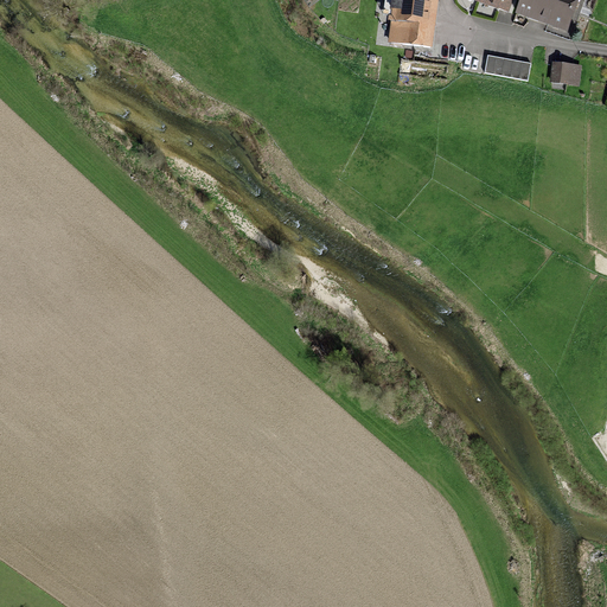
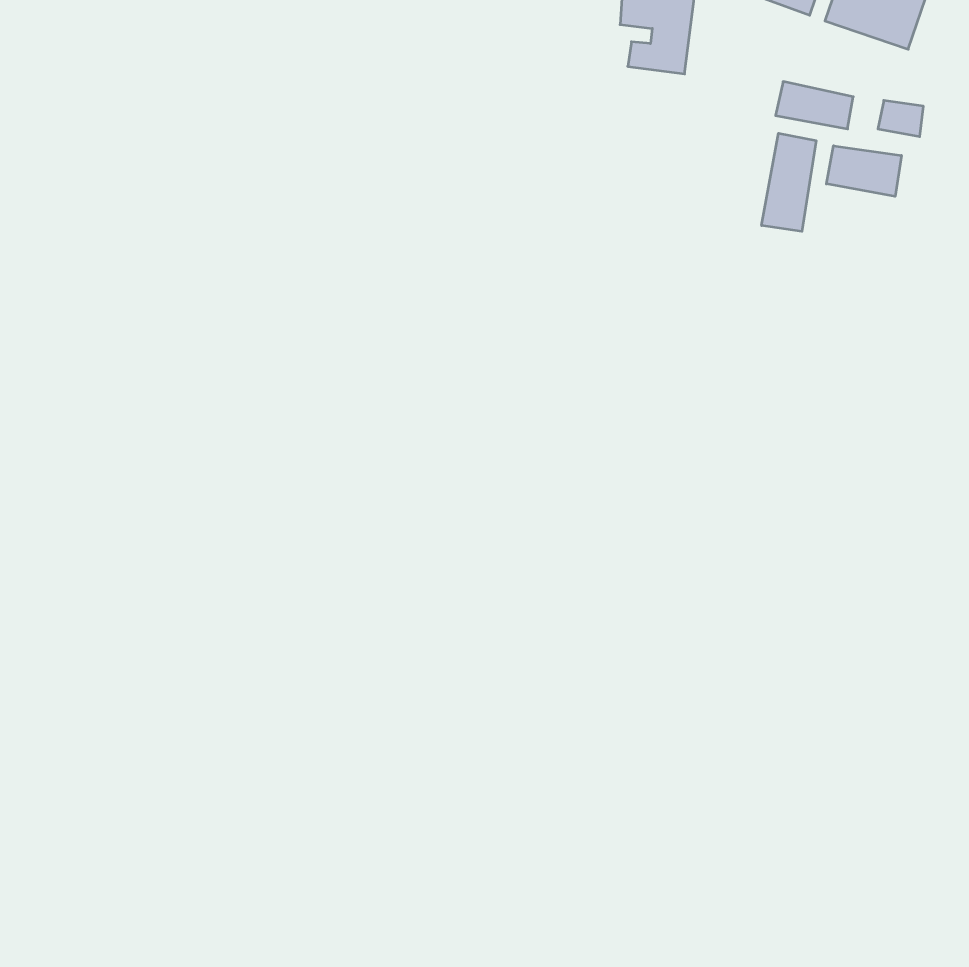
building: none -> [762,133,816,231]
building: none -> [826,146,901,196]

